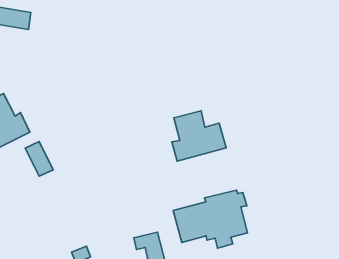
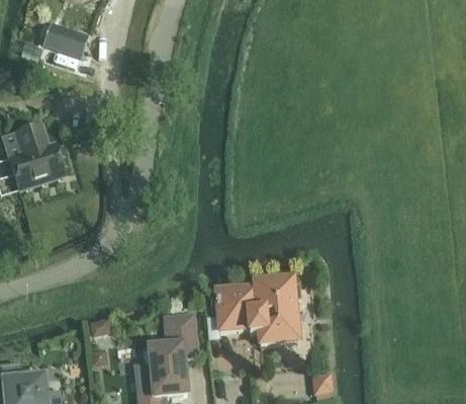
building: [172,111,226,161] -> none
building: [25,142,53,176] -> none

